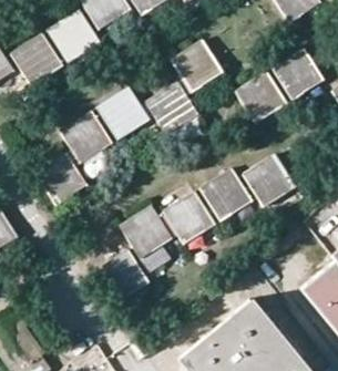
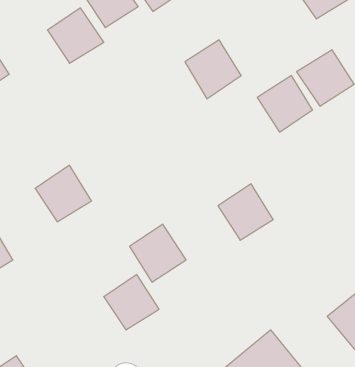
building: [11,33,61,83] -> none
building: [146,82,198,133] -> none
building: [99,86,150,138] -> none
building: [61,111,112,161] -> none
building: [244,154,296,206] -> none
building: [165,192,215,243] -> none

